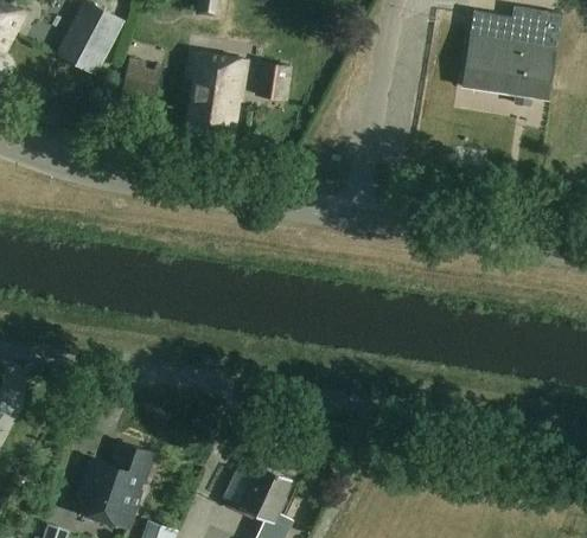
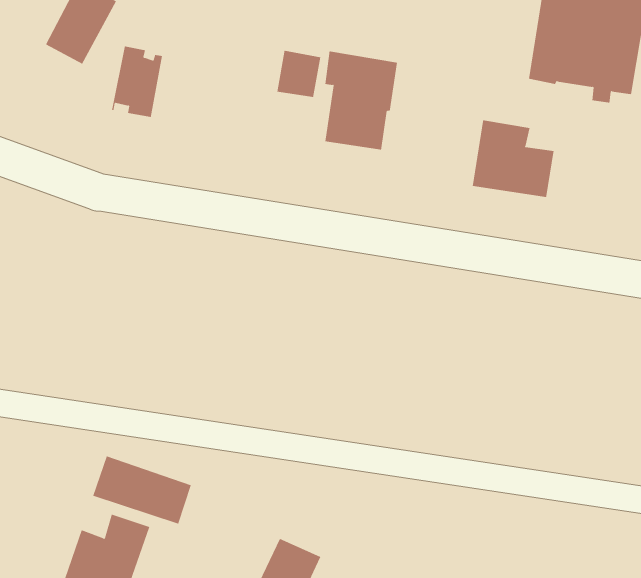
building: [186,51,247,133] -> [324,51,398,150]
building: none -> [472,120,554,198]
building: none -> [92,456,192,524]

